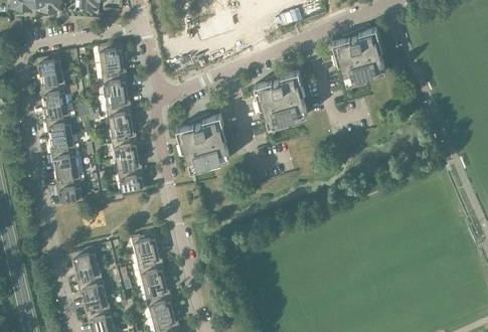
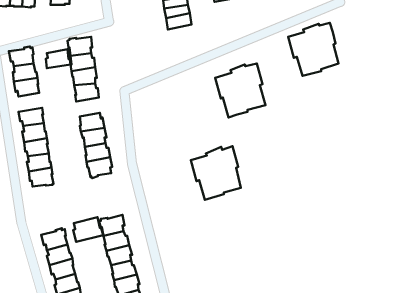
building: [44,103,70,123] -> [46,49,70,68]
building: [107,108,133,128] -> none
building: [176,115,229,172] -> [191,146,241,200]
building: none -> [73,217,103,242]

